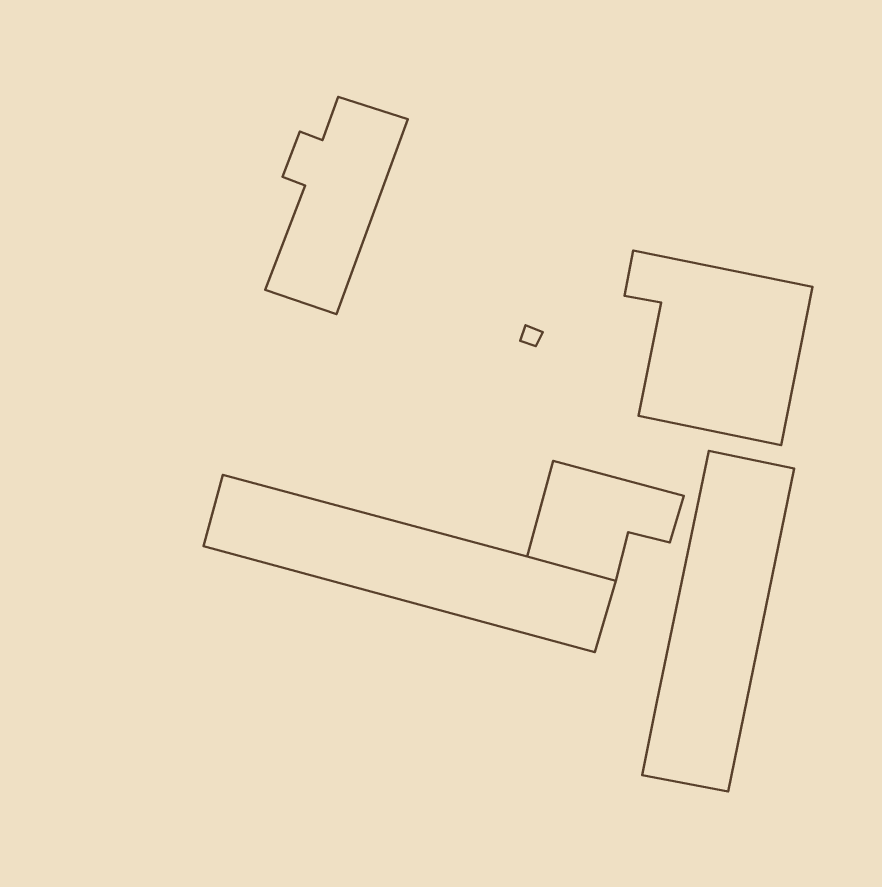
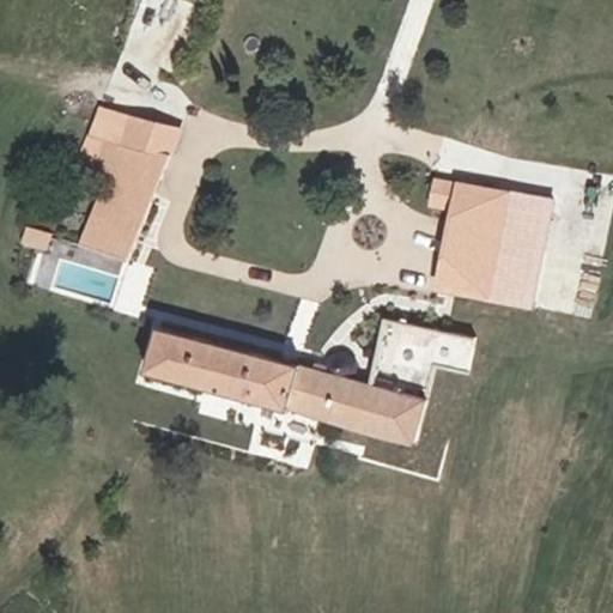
building: [265,97,408,314] -> [75,113,174,262]
building: [642,451,794,791] -> none

